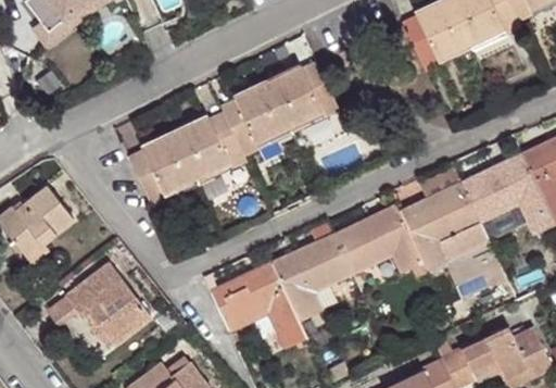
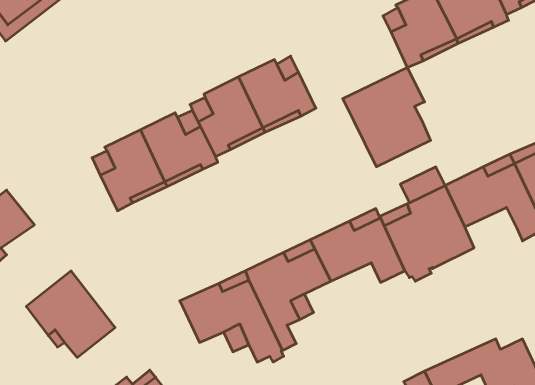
building: none -> [343,68,431,167]
building: [479,202,528,240] -> none

